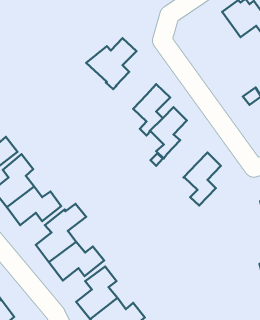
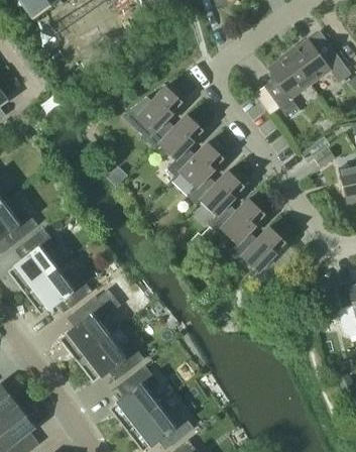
building: none -> [264,52,311,115]
building: none -> [158,113,204,176]
building: none -> [221,198,266,259]

